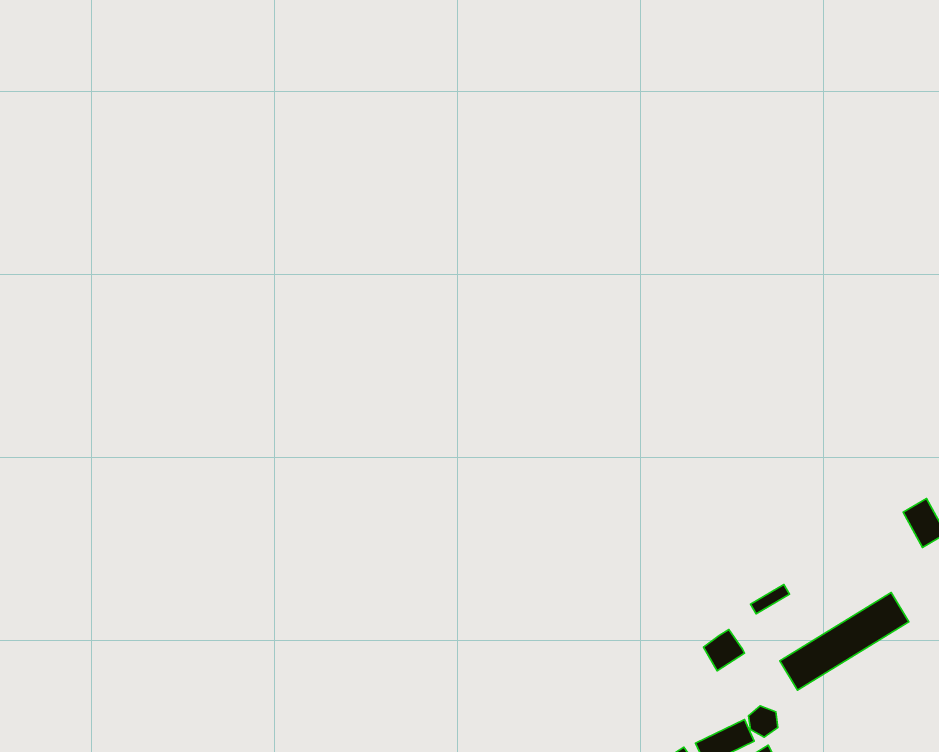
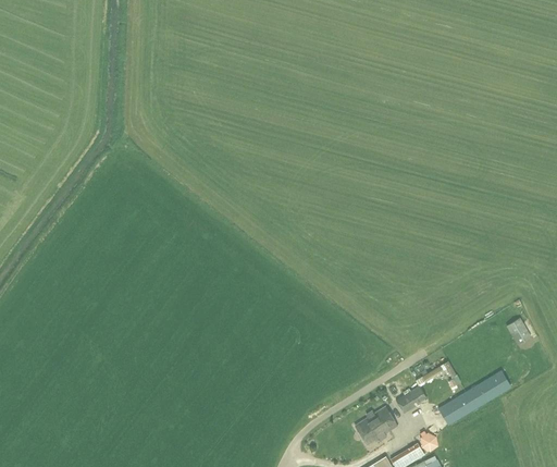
building: none -> [356,411,391,445]

